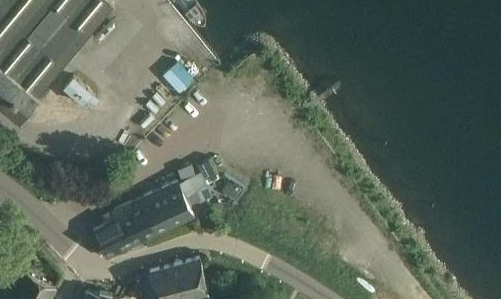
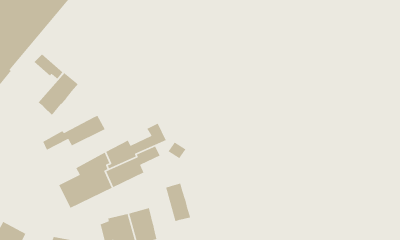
building: none -> [38,72,79,116]
building: none -> [42,115,106,151]
building: none -> [165,183,191,222]

